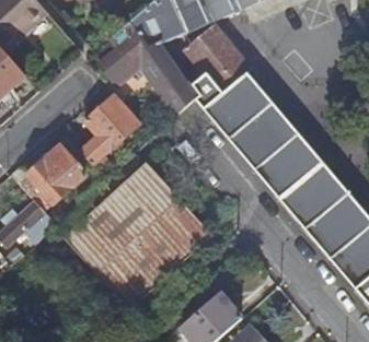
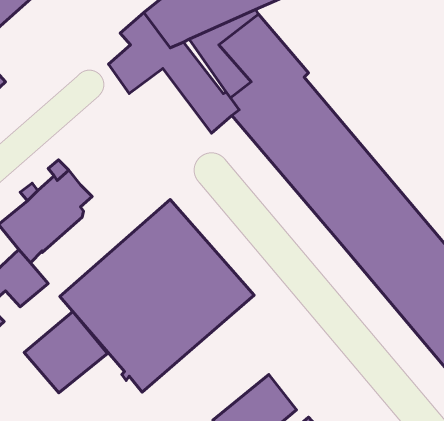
building: [81,93,141,174] -> none
building: none -> [24,312,108,393]

